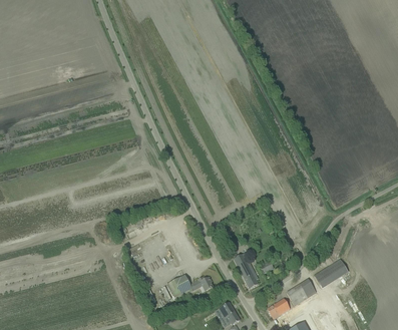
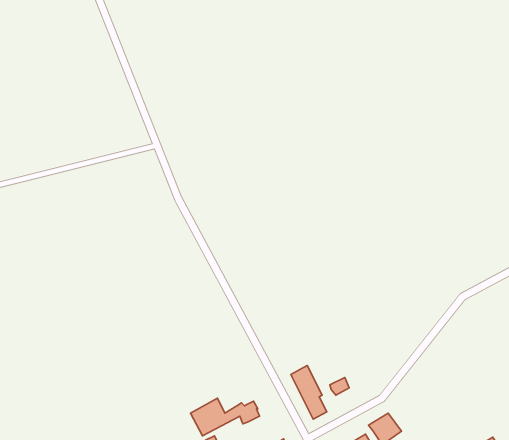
building: [315,257,349,286] -> none

